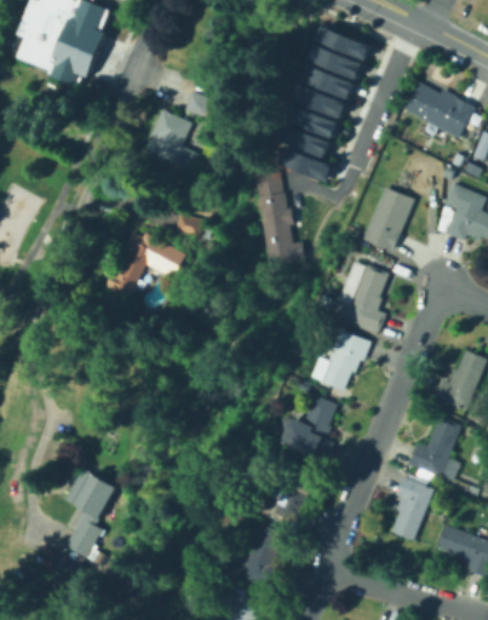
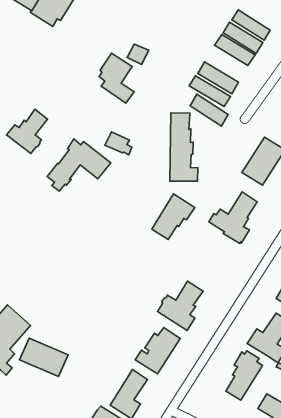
building: [287,80,344,116] -> none
building: none -> [7,109,48,154]
building: [320,329,372,391] -> [152,194,195,239]
building: none -> [19,338,68,377]

